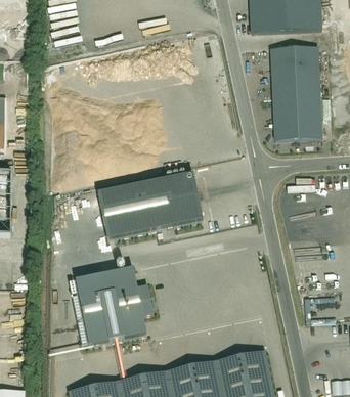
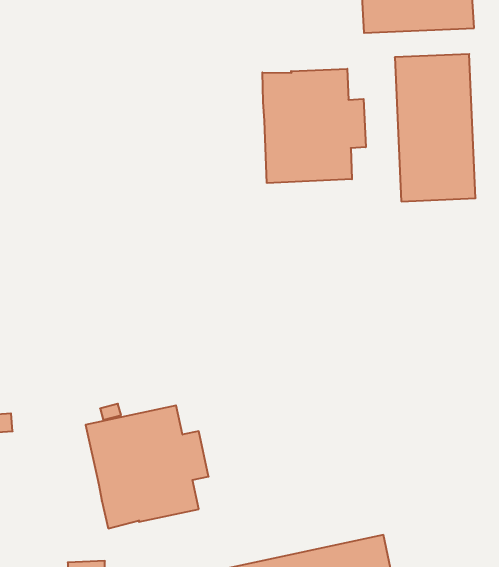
building: none -> [262,69,366,183]
building: [97,172,202,238] -> none

